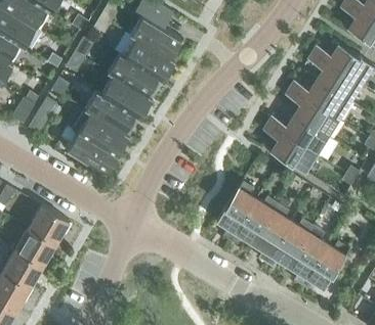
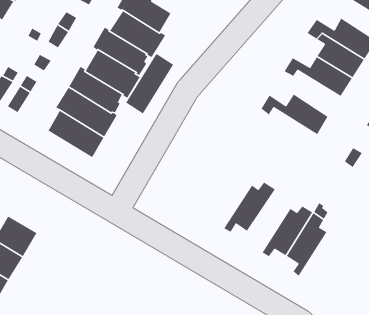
building: none -> [125,53,174,115]
building: [295,93,339,136] -> none
building: [273,128,318,172] -> none
building: [217,180,256,240] -> none
building: [252,203,292,263] -> none
building: [29,205,70,244] -> none
building: [300,241,350,289] -> none

